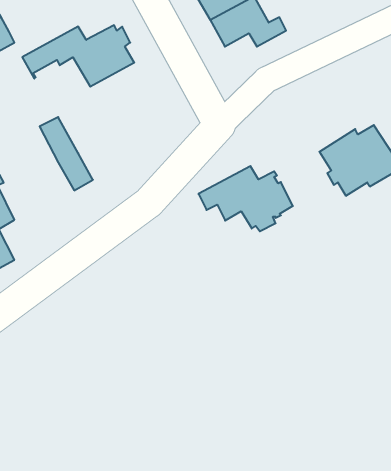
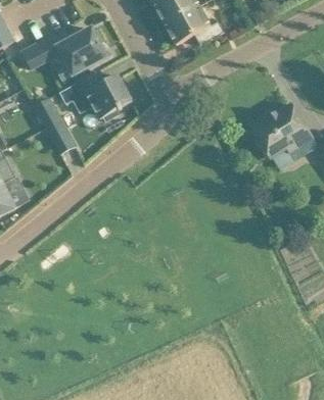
building: [198,166,293,231] -> [59,70,132,120]

